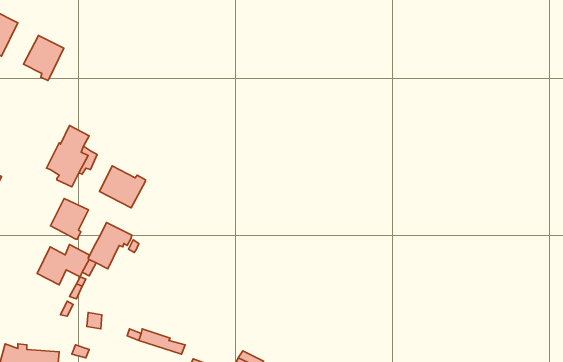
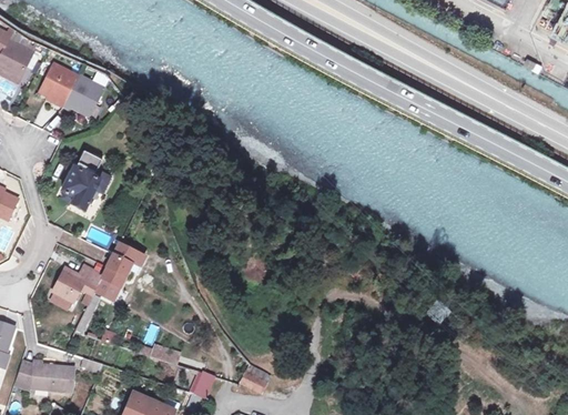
building: none -> [63,74,103,115]
building: [100,166,146,208] -> none
building: [50,198,88,239] -> none

